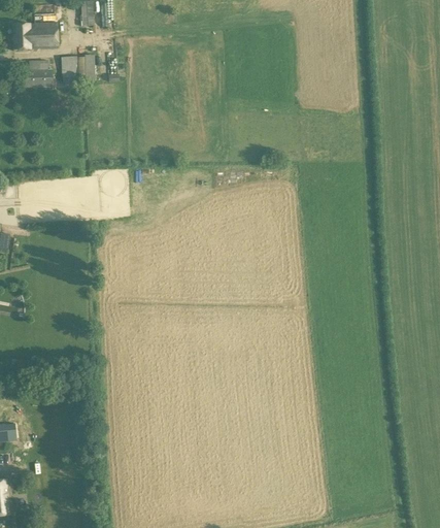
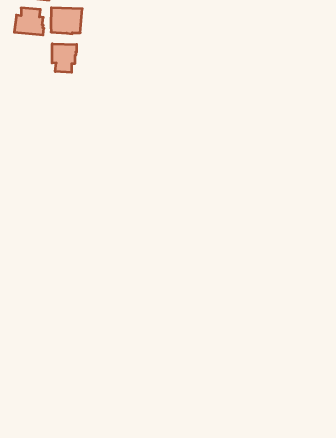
building: none -> [52,44,77,72]

